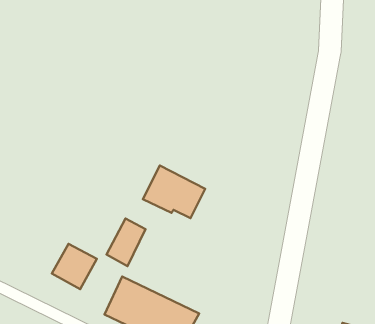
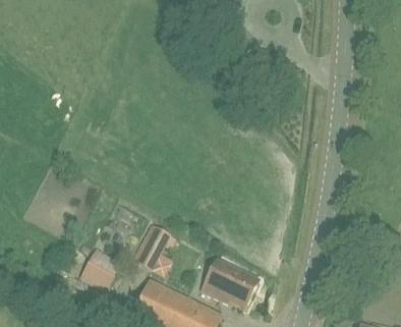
building: [143,165,205,218] -> [199,257,260,308]

